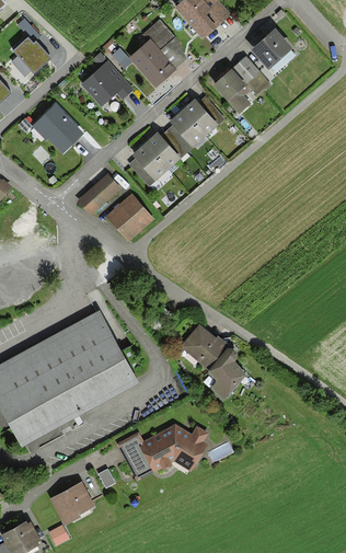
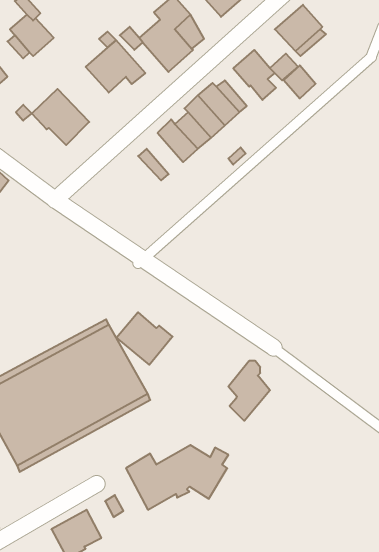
building: [231,56,260,85] -> [284,65,316,98]
building: [131,143,168,181] -> none
building: [77,173,122,216] -> none
building: [105,194,153,242] -> none
building: [178,324,229,371] -> [116,312,173,365]

